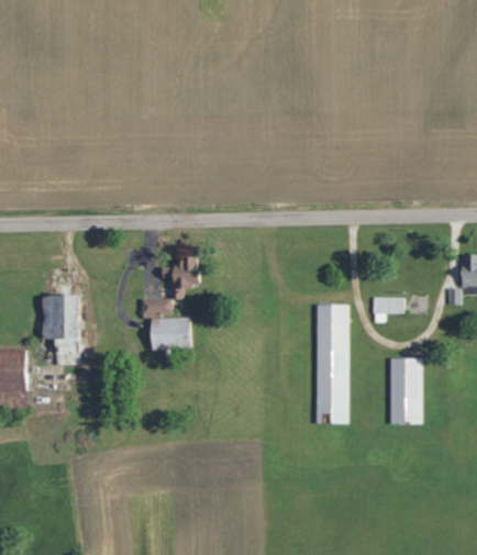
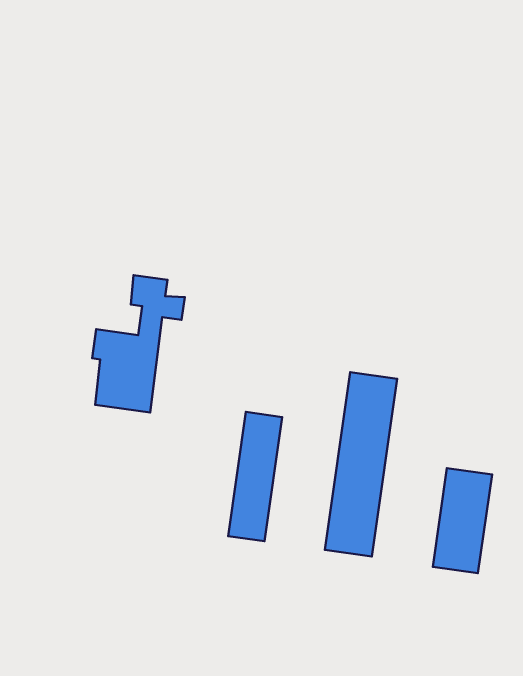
building: [374,297,406,314] -> none
building: none -> [228,412,282,541]

